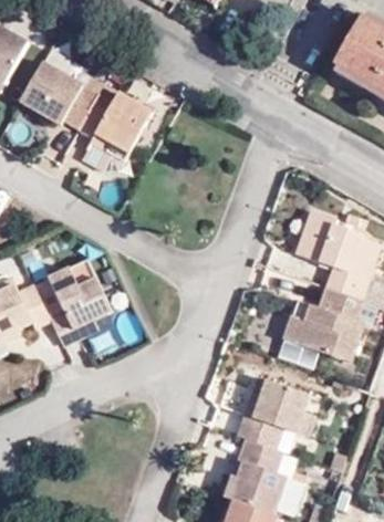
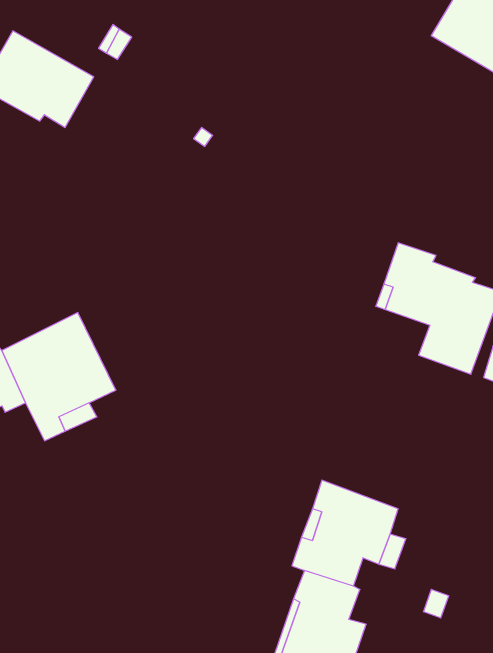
building: [77,92,152,161] -> none
building: [282,288,364,363] -> none

